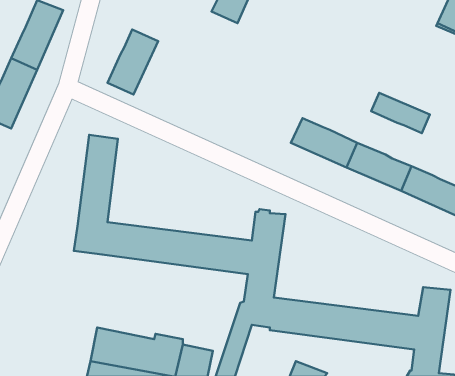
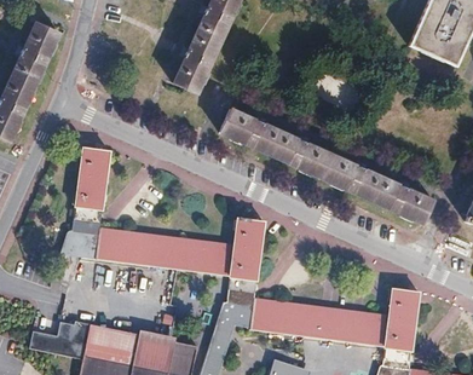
building: [107,29,158,94] -> [174,33,221,93]
building: [371,93,430,133] -> none
building: none -> [220,109,282,155]
building: none -> [31,322,91,358]

